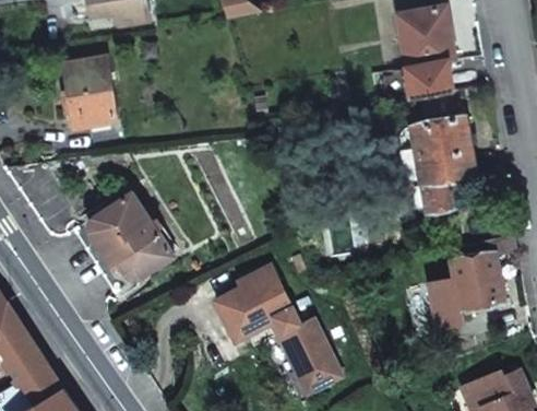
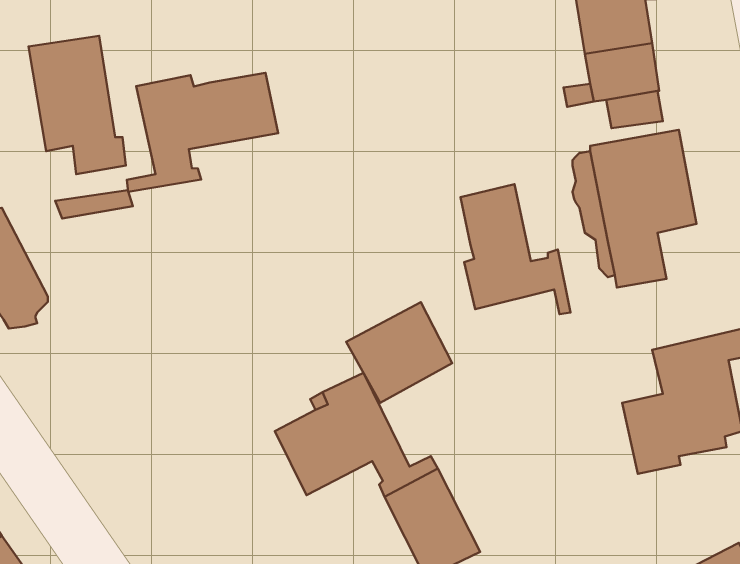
building: none -> [127,73,278,192]
building: none -> [461,184,571,314]
building: [72,190,174,293] -> none
building: none -> [346,302,452,403]

